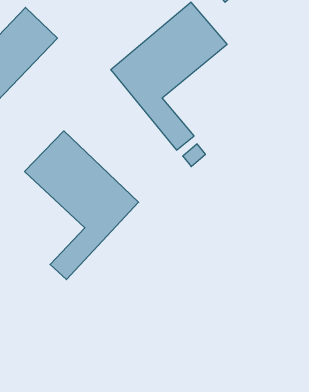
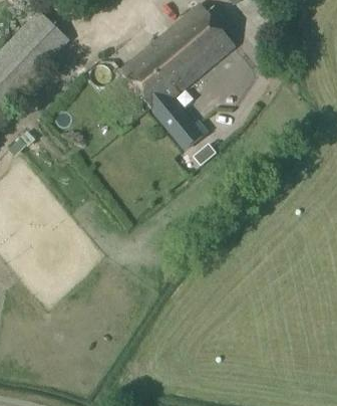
building: [25,131,139,280] -> none

